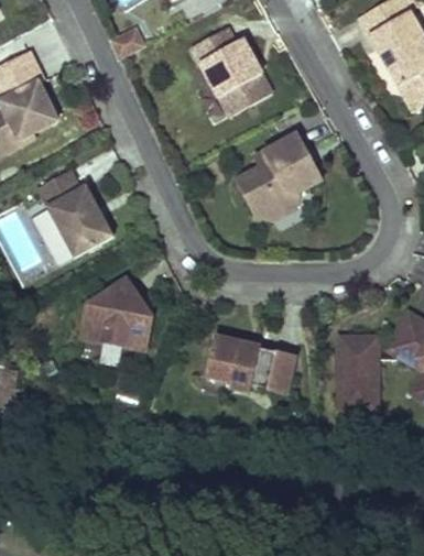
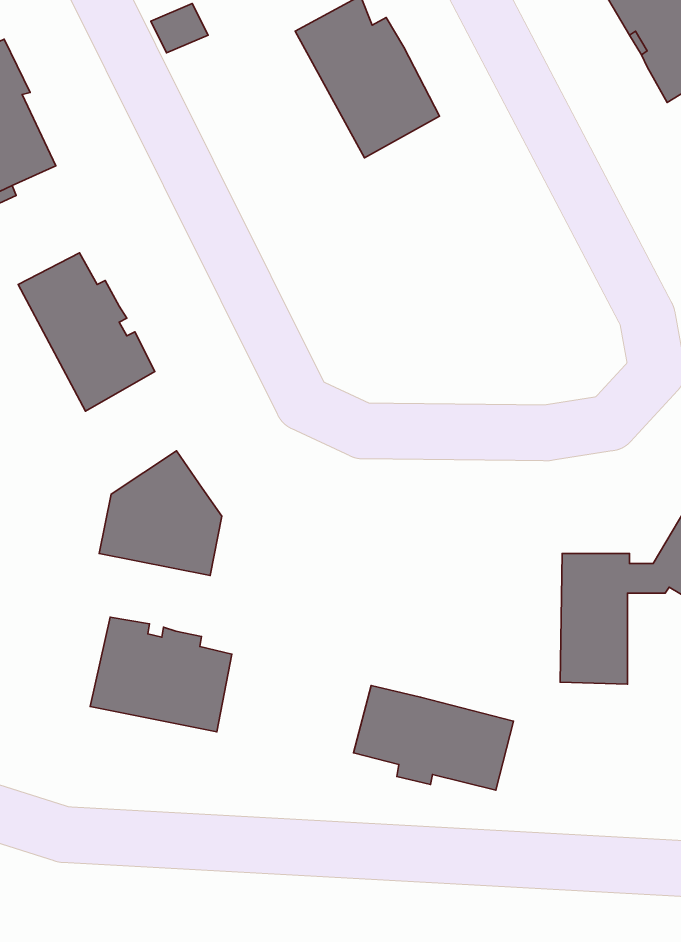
building: [236,131,323,218] -> none
building: [204,340,293,399] -> [353,685,514,790]
building: none -> [90,617,232,732]

